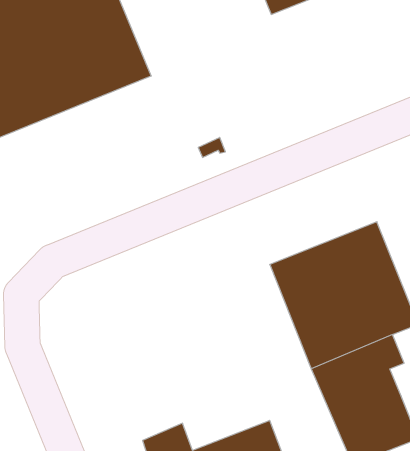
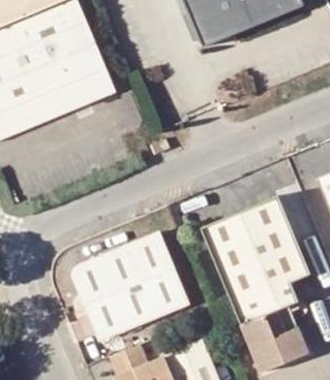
building: none -> [71,230,188,339]

